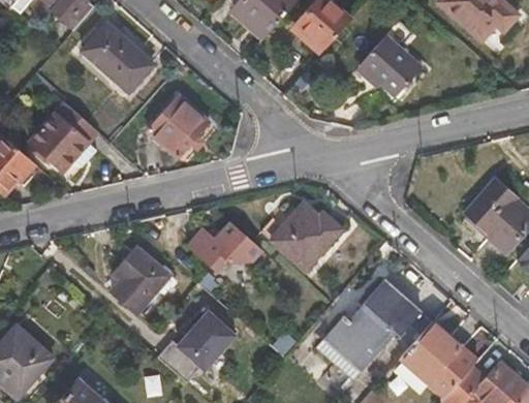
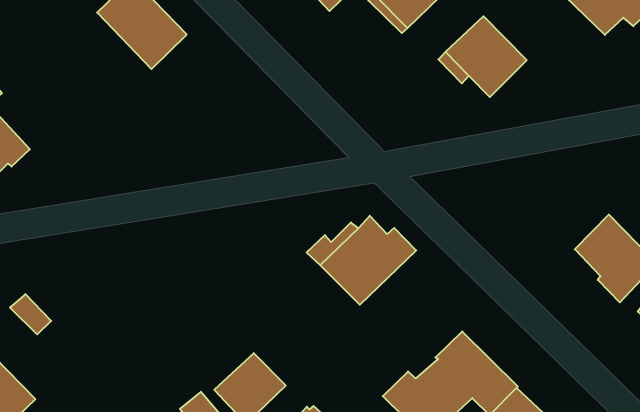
building: [157,89,218,152] -> none
building: [28,102,94,168] -> none
building: [186,221,262,272] -> none
building: [105,249,166,314] -> none

